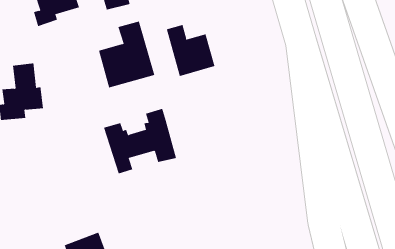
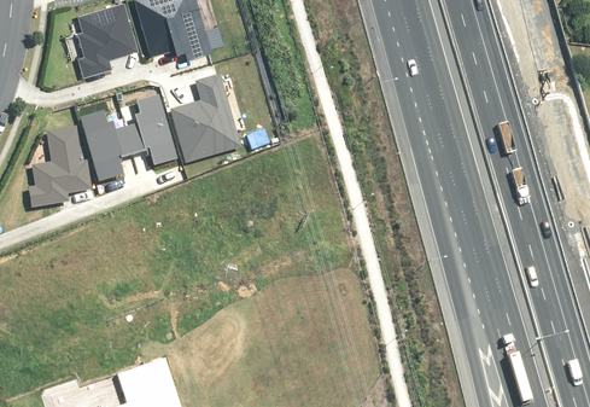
building: [166,24,215,77] -> none
building: [103,108,177,174] -> [78,93,180,184]

